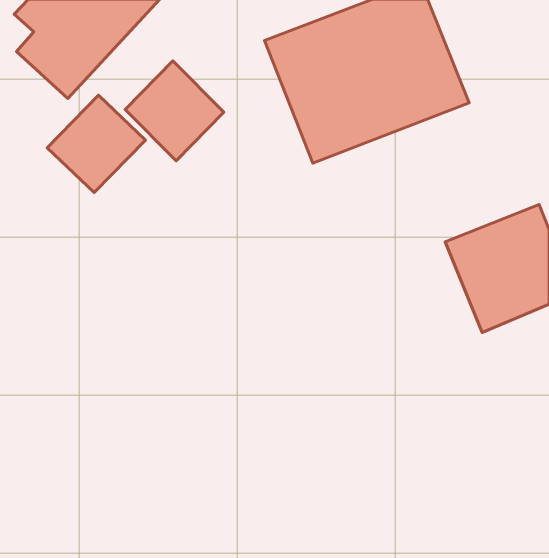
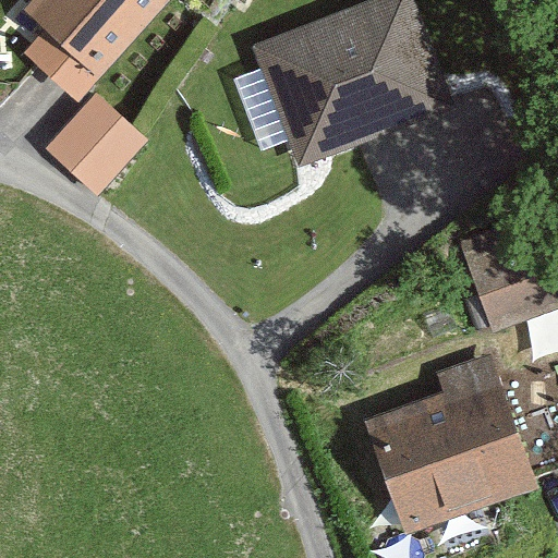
building: [125,61,224,161] -> none
building: none -> [362,375,530,532]

